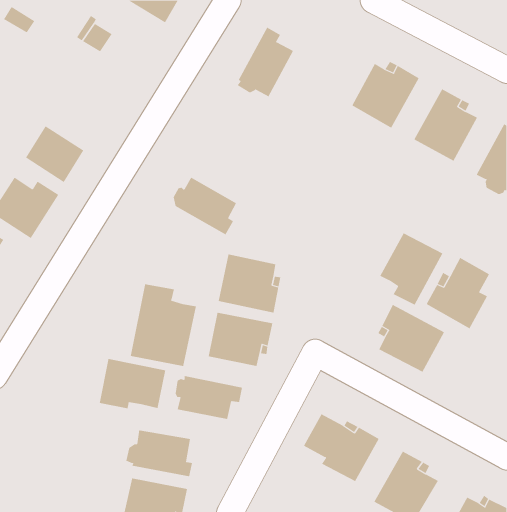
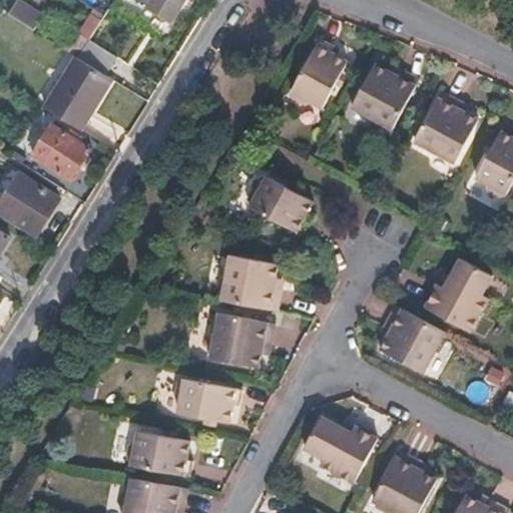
building: [237,27,294,97] -> [292,39,349,109]
building: none -> [38,61,106,134]
building: [173,177,237,235] -> [247,175,312,233]
building: [379,232,443,306] -> none
building: [130,283,196,367] -> none
building: [99,358,166,409] -> none

